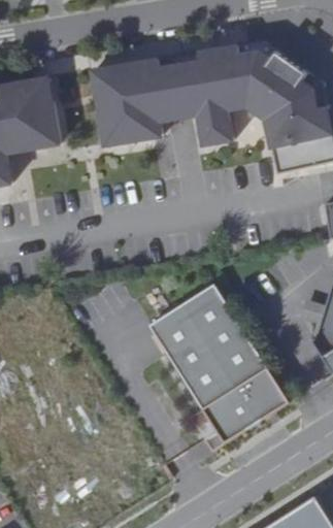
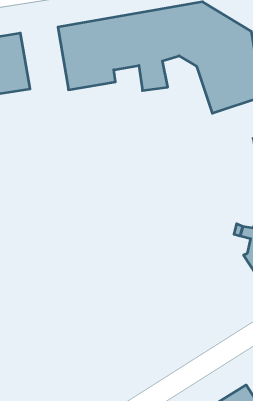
building: [151,285,290,453] -> none

